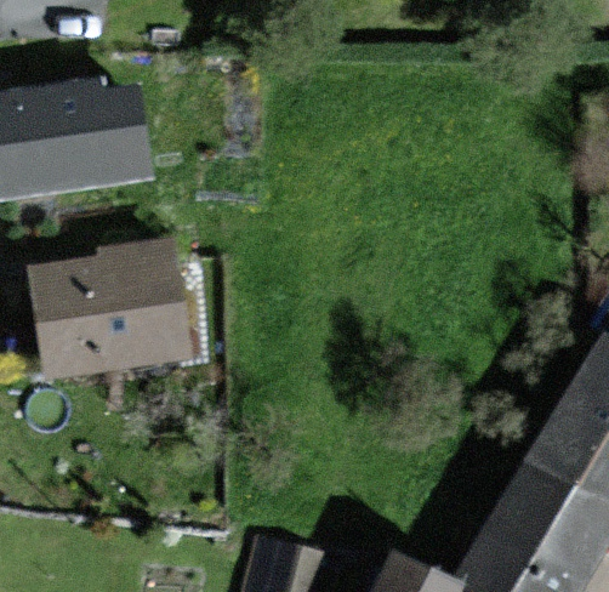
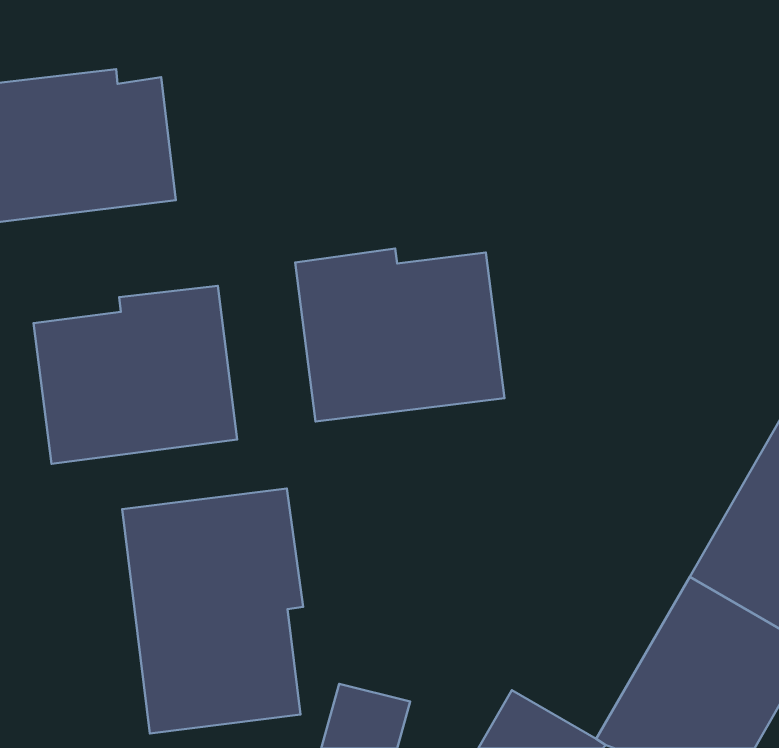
building: none -> [295,249,504,421]
building: none -> [122,488,303,734]

